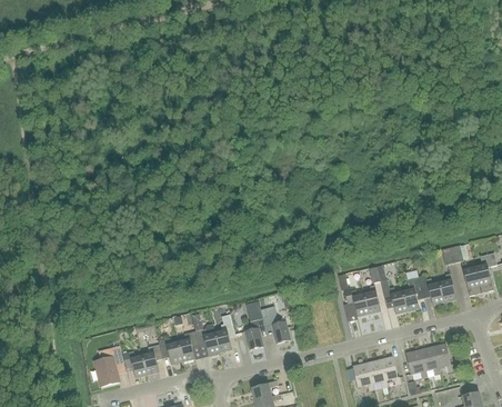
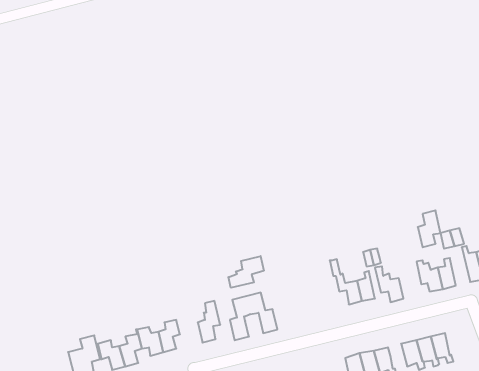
building: none -> [228,256,264,288]
building: [403,277,424,311] -> [418,210,440,247]
building: [195,324,220,355] -> none

